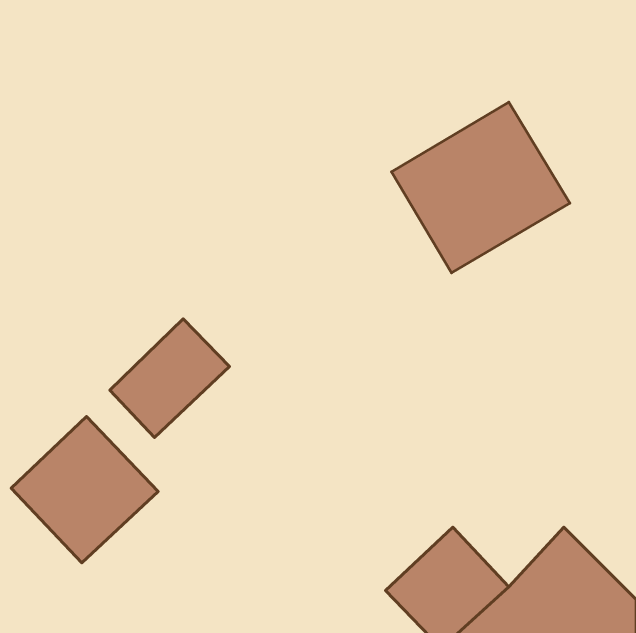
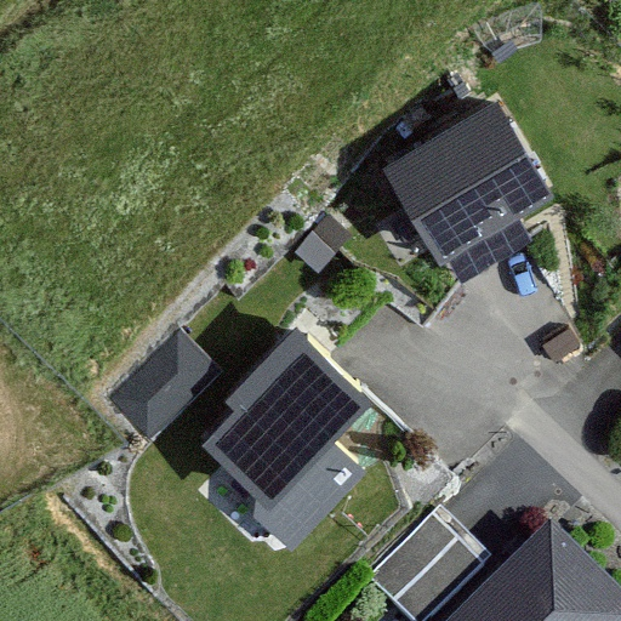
building: none -> [188,326,384,563]
building: [11,416,158,563] -> none

